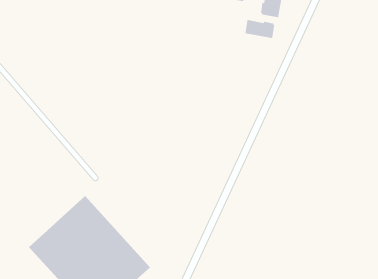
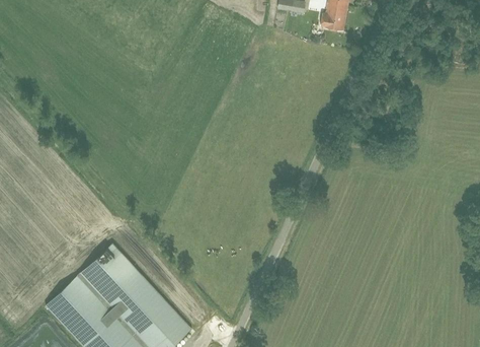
building: [245,19,275,39] -> none

